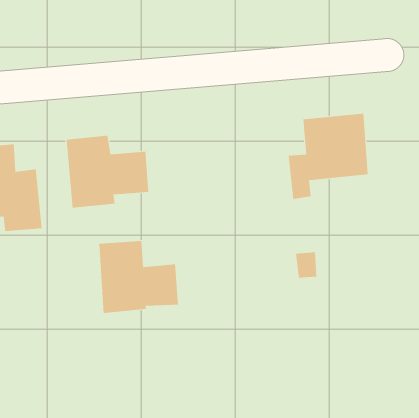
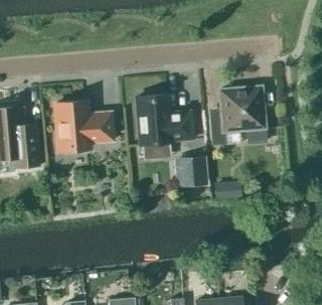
building: none -> [174,155,209,186]
building: [98,240,179,313] -> [138,95,193,145]

